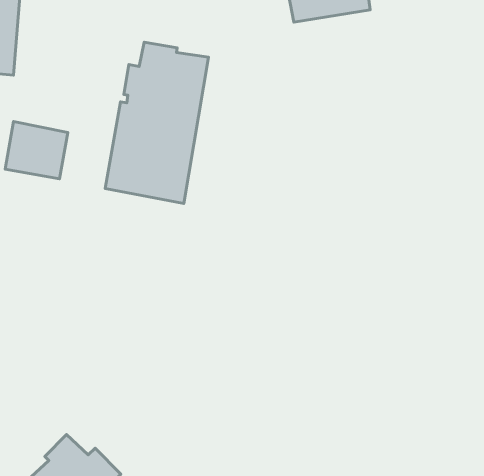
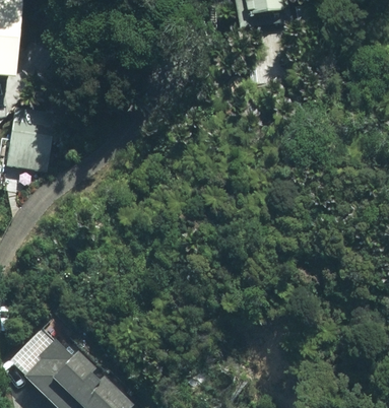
building: [105,42,209,203] -> none

